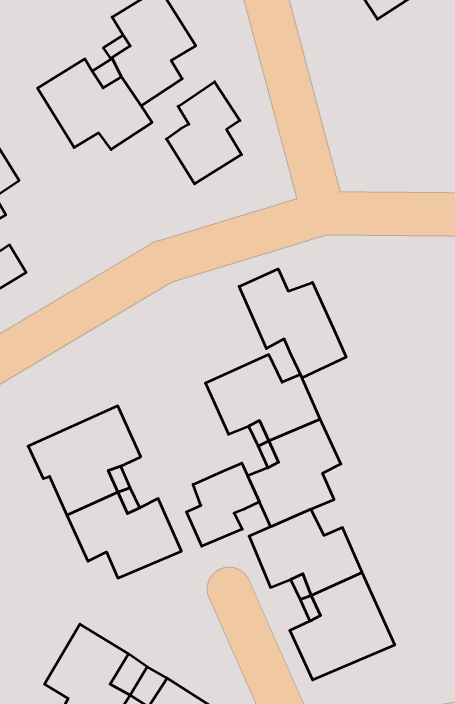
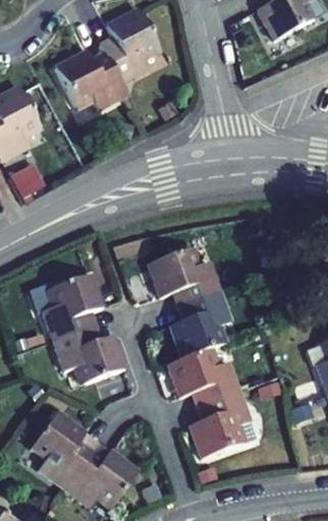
building: [166,82,242,184] -> none
building: [239,269,346,378] -> none
building: [186,463,259,546] -> none

